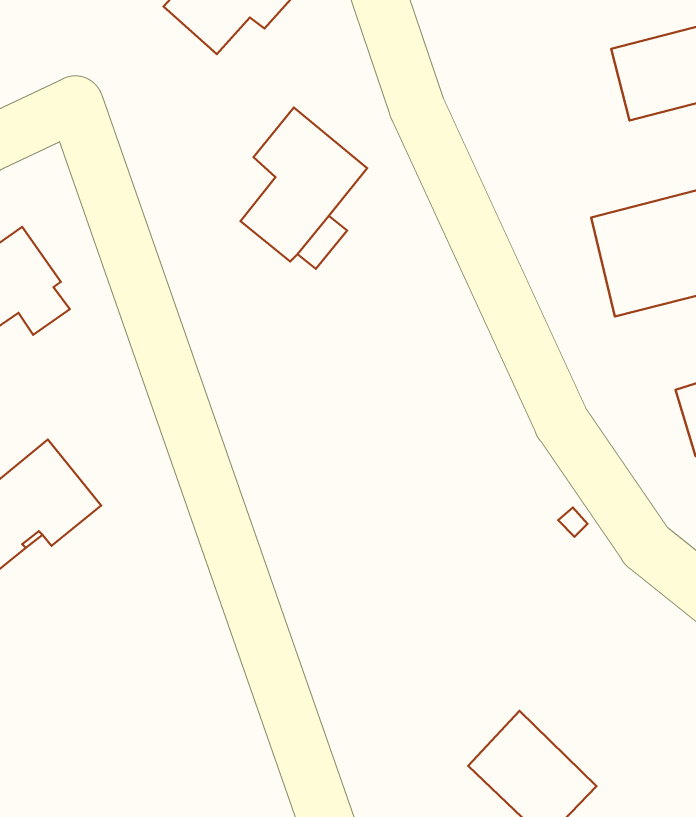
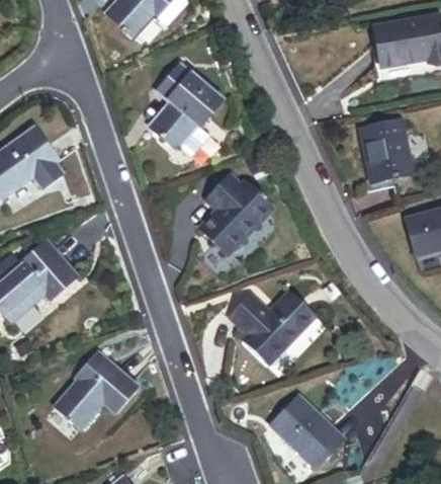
building: none -> [205,172,279,252]
building: none -> [236,291,322,364]
building: none -> [56,359,130,430]

